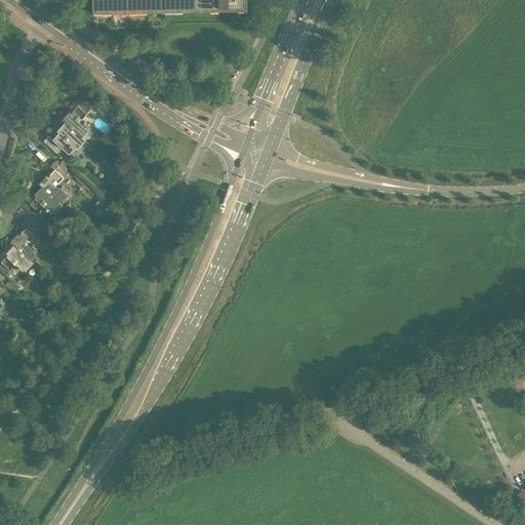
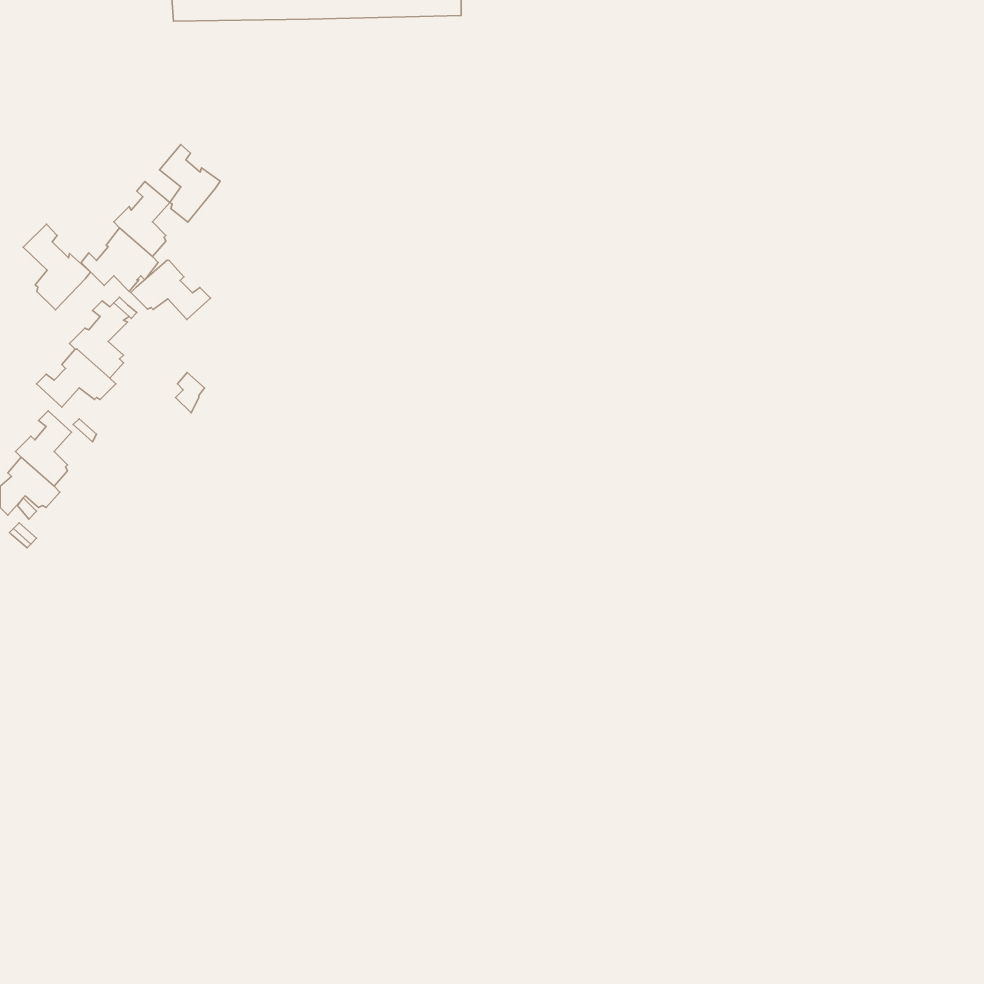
building: none -> [159,144,220,222]
building: none -> [23,224,91,310]
building: none -> [131,260,210,320]

